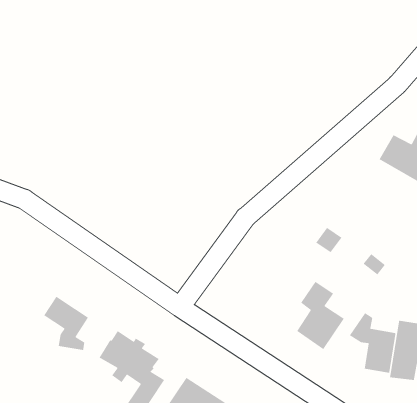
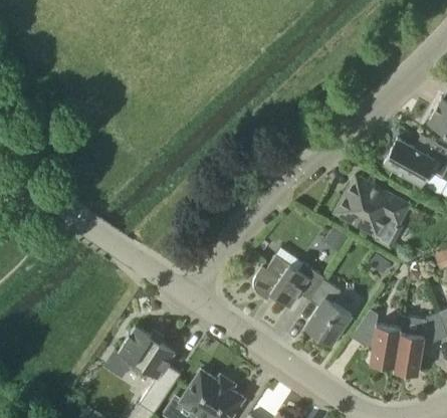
building: none -> [336,176,409,237]
building: none -> [254,256,324,307]
building: [43,293,99,351] -> none

